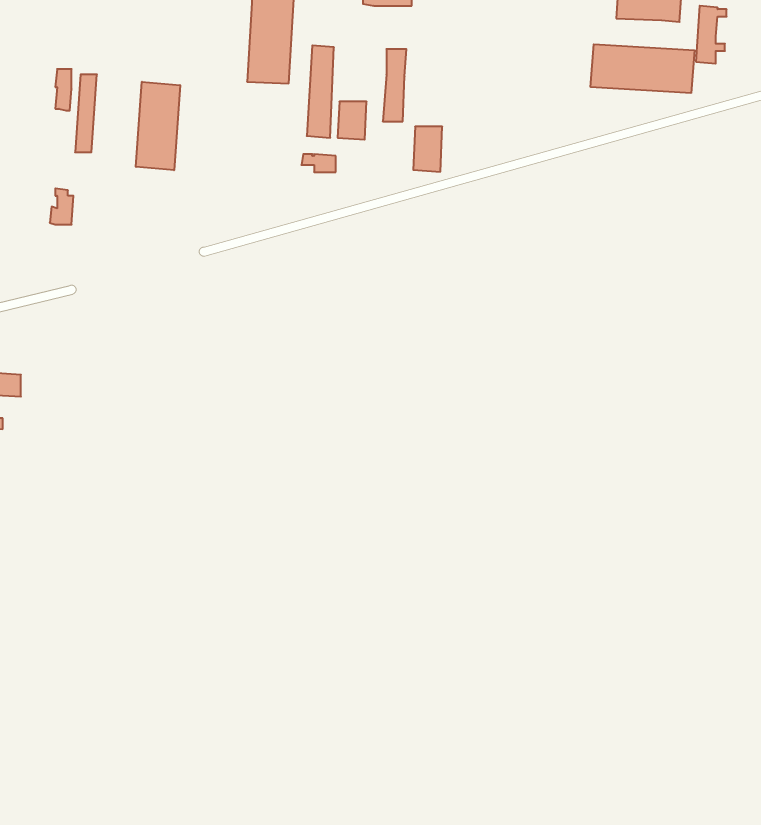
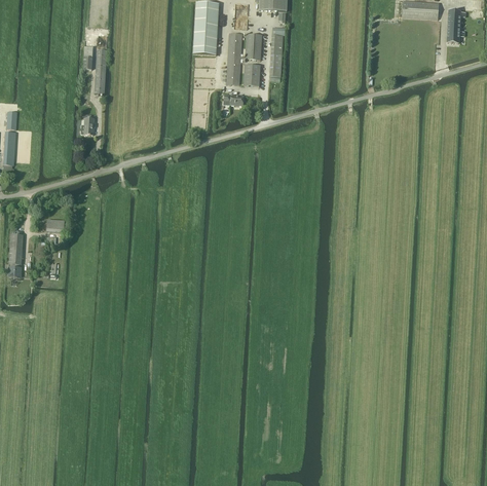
building: [591,44,694,93] -> none
building: [136,82,180,170] -> none
building: [413,127,442,172] -> [245,34,261,60]

